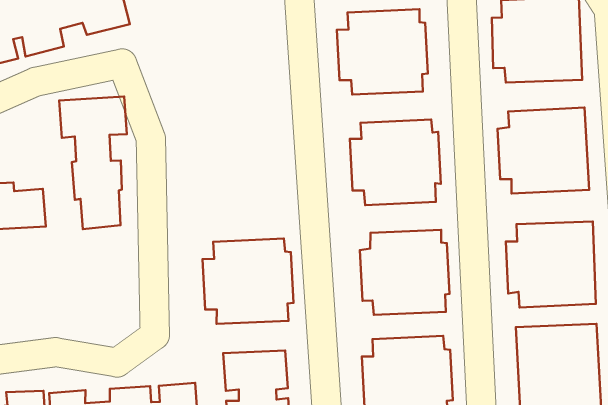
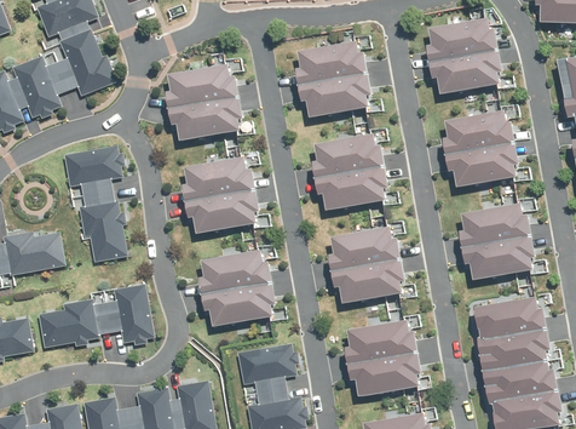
building: none -> [166,64,247,143]
building: none -> [182,158,263,236]
building: none -> [36,286,157,347]

